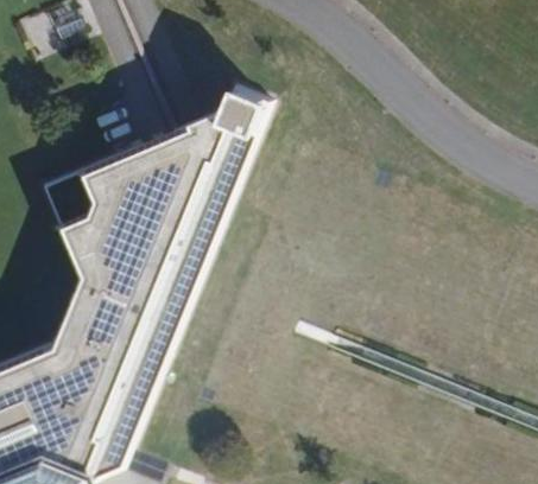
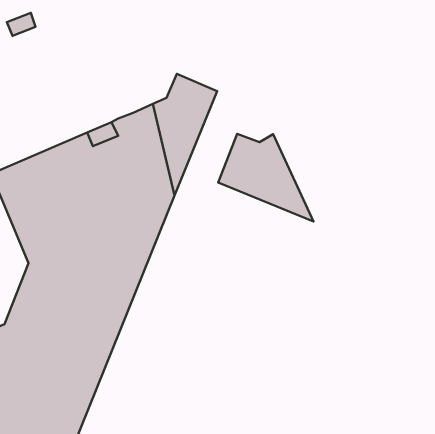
building: none -> [218,134,313,221]

